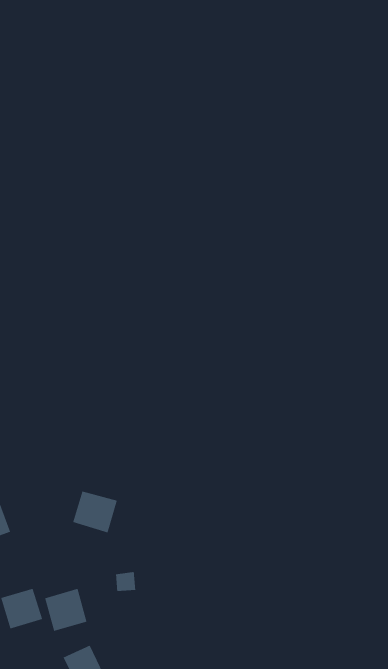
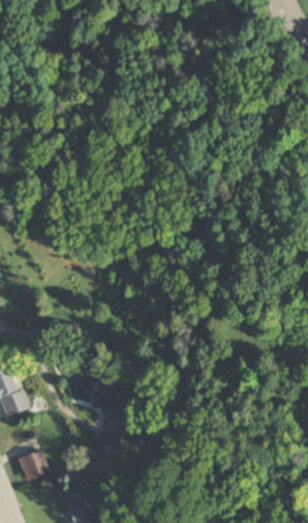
building: [44,588,88,632] -> none

